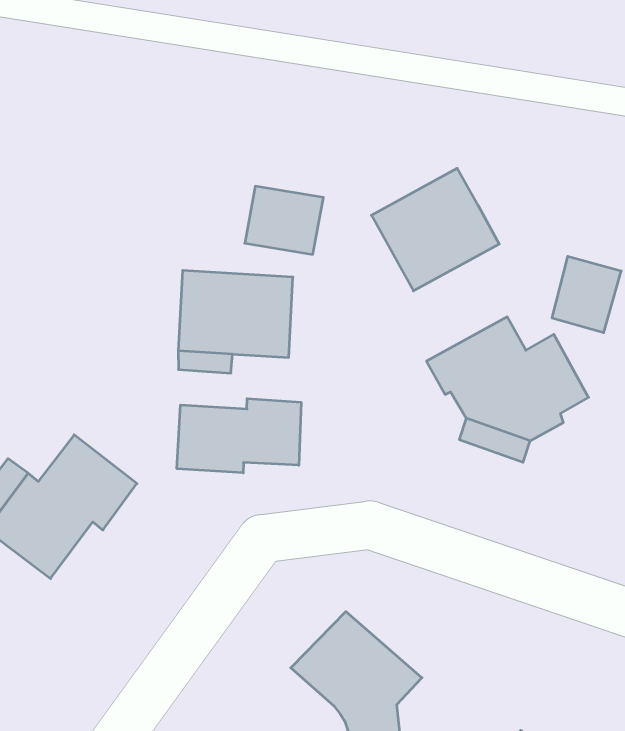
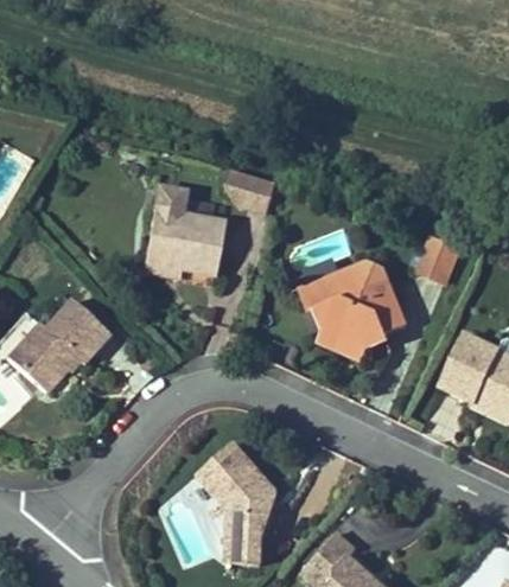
building: [371,168,499,291] -> none
building: [177,399,301,473] -> none

